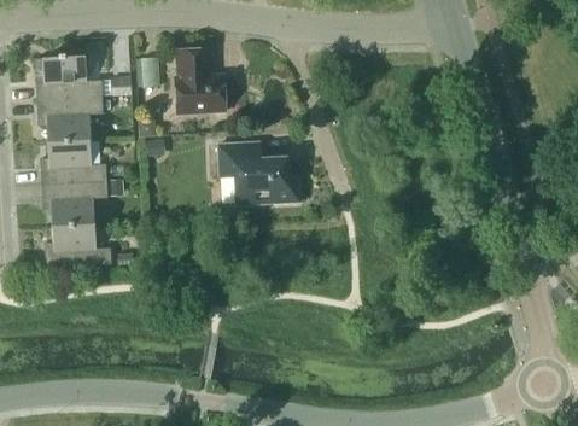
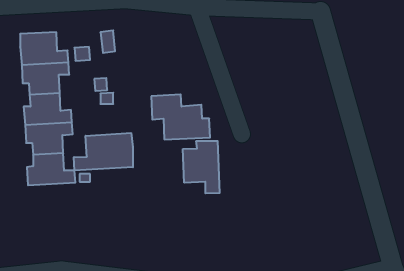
building: [175,48,224,115] -> none
building: none -> [74,133,133,171]
building: none -> [183,141,220,193]

